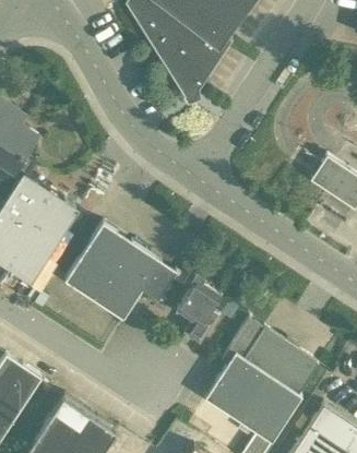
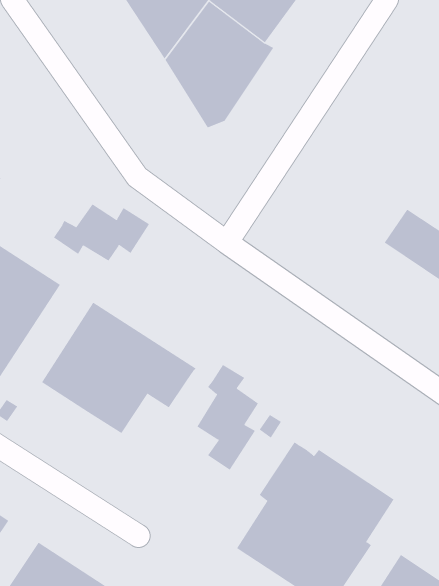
building: none -> [53,203,150,262]

